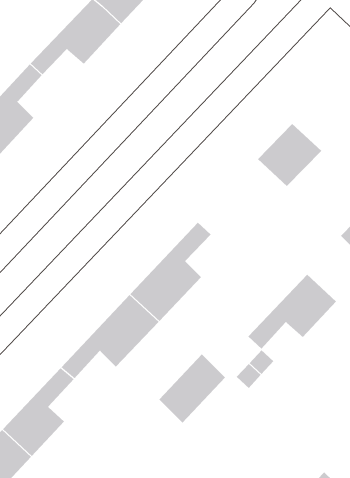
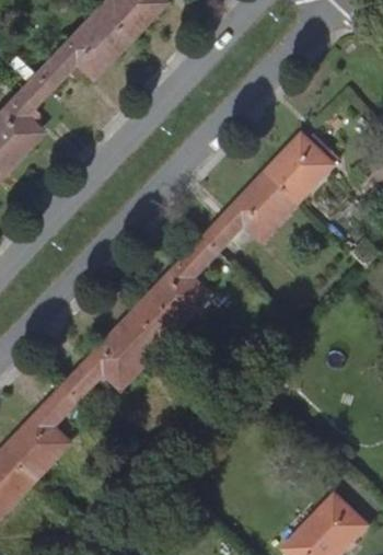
building: [248,274,337,349] -> [205,173,297,251]
building: [159,353,226,423] -> none

